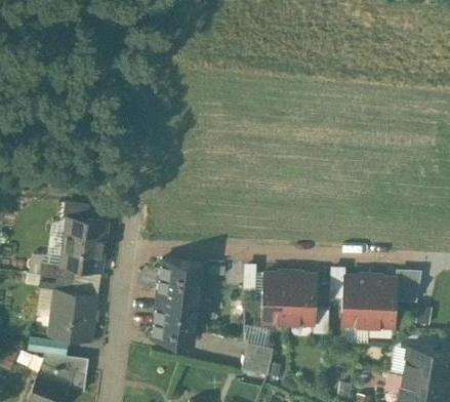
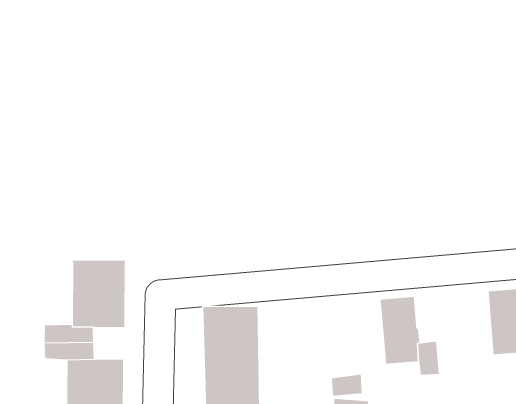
building: [261,274,290,323] -> none
building: [341,278,370,326] -> none

